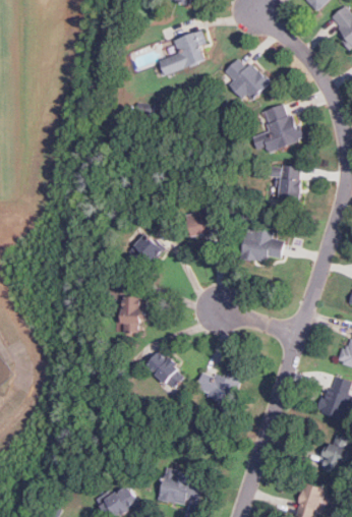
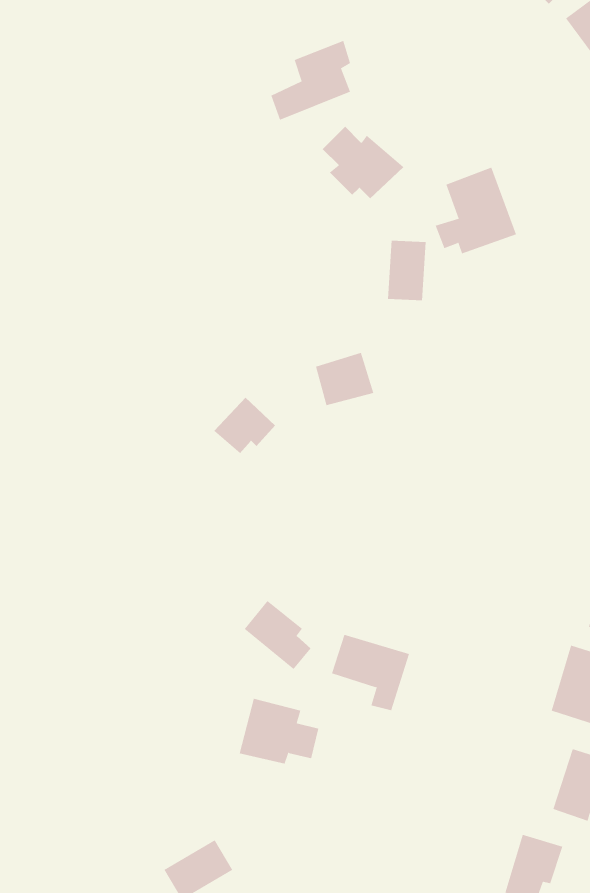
building: [224,58,271,100] -> [322,126,404,199]
building: [278,165,300,199] -> [387,240,426,301]
building: [240,227,283,262] -> none
building: [120,296,142,332] -> none
building: [158,467,203,505] -> [239,698,319,764]

